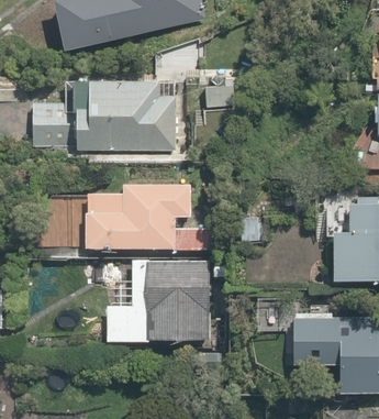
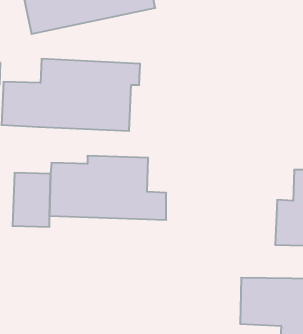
building: [112,256,216,344] -> none

